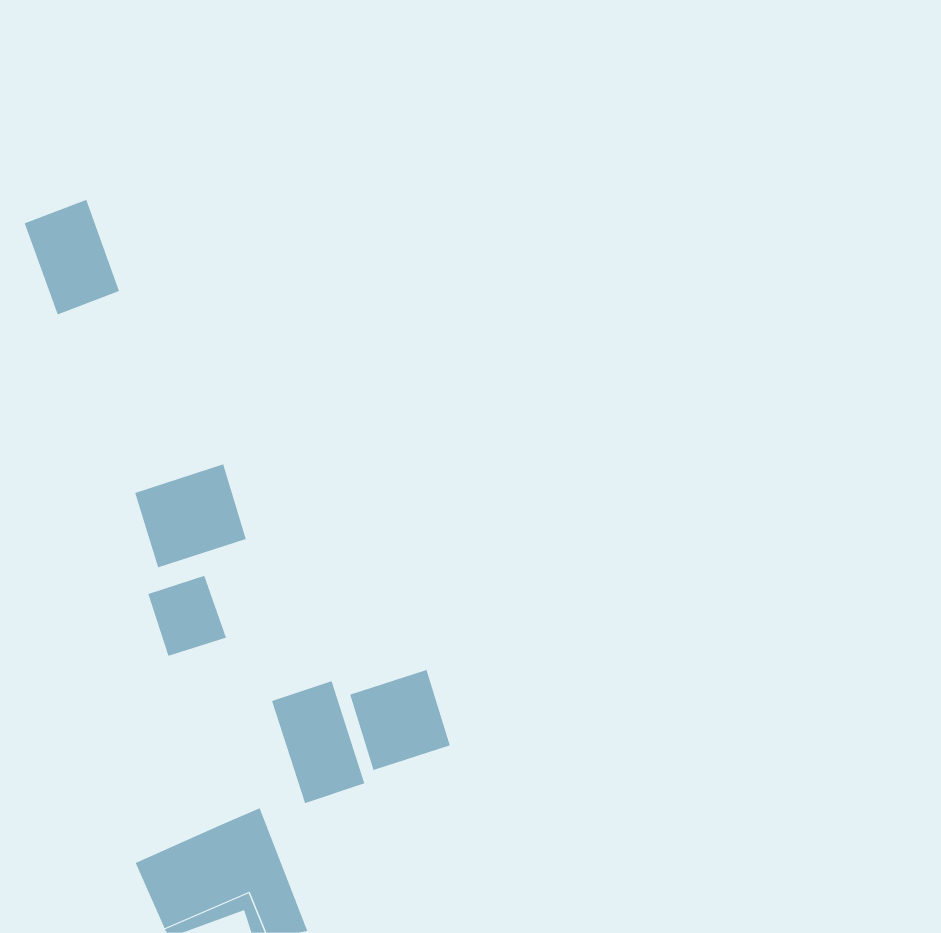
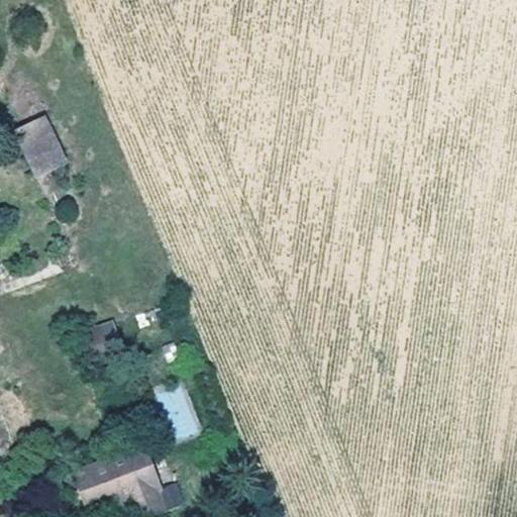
building: [135,464,247,568] -> none
building: [349,669,451,771] -> none

